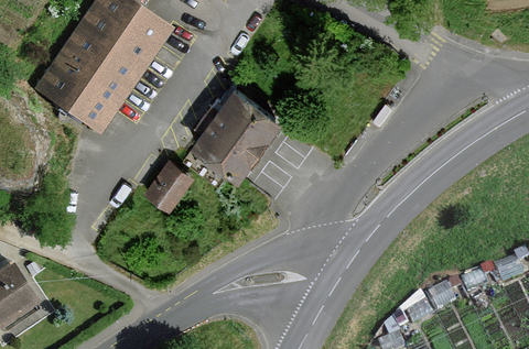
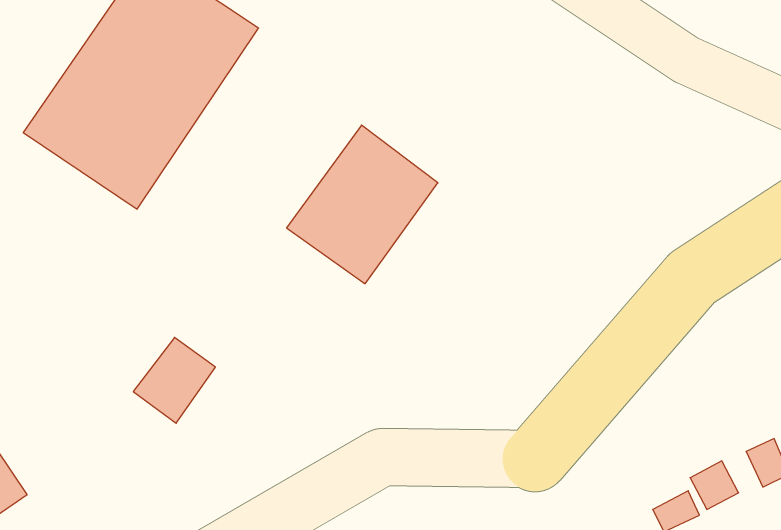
building: [144,159,193,209] -> [133,337,215,423]

